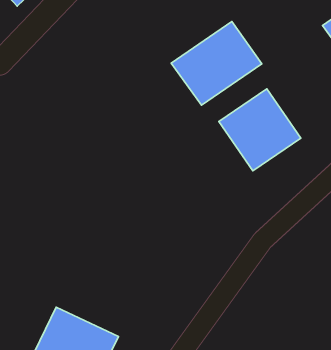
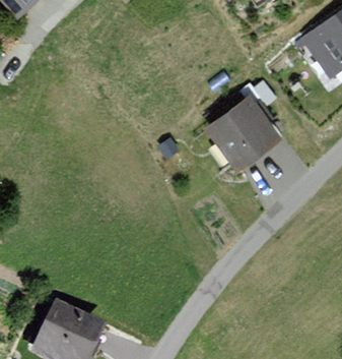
building: [171,22,262,105] -> none

